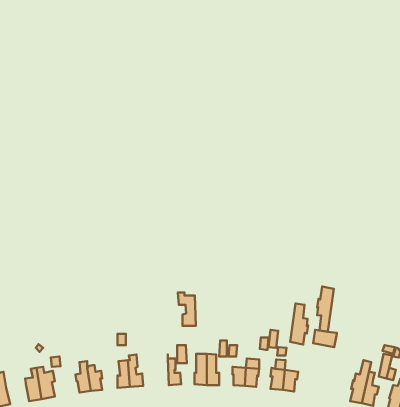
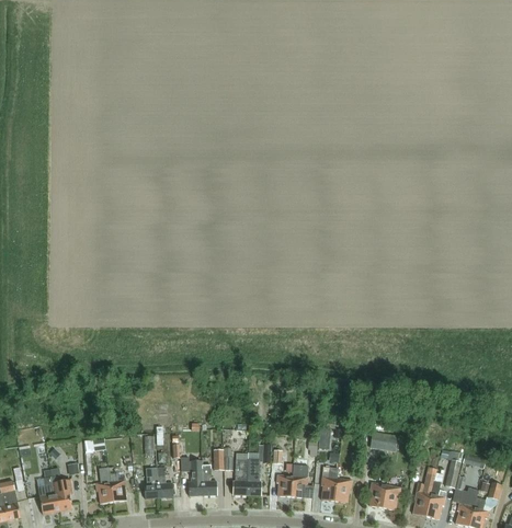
building: [317,287,334,332] -> none
building: [178,293,196,326] -> [182,457,203,495]
building: [290,304,308,344] -> none
building: none -> [368,482,400,509]

